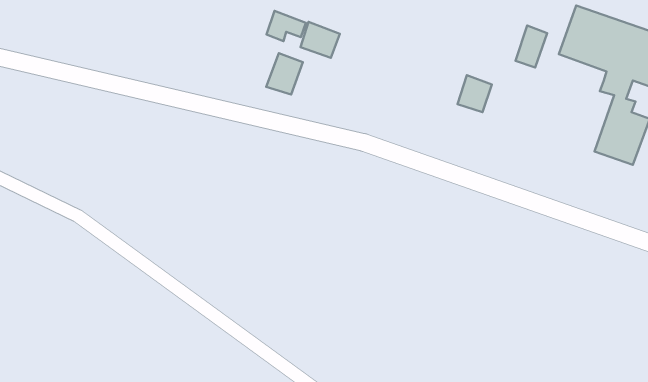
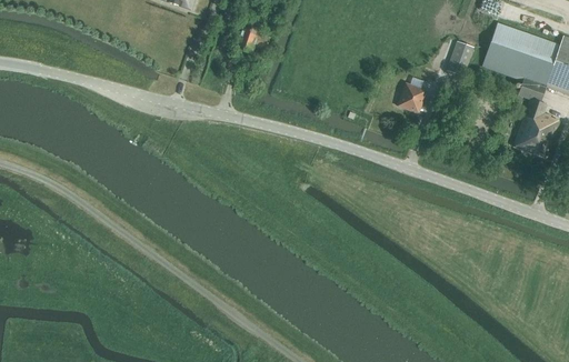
building: [300,22,340,58] -> none
building: [266,53,303,95] -> none

